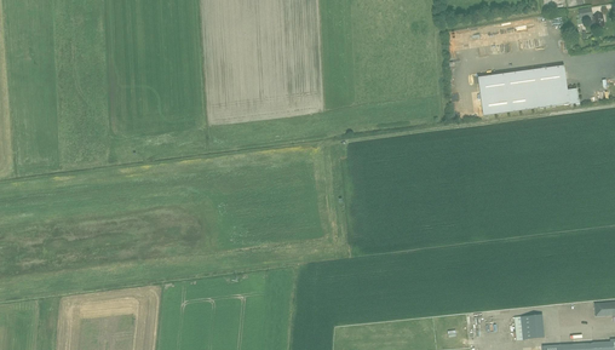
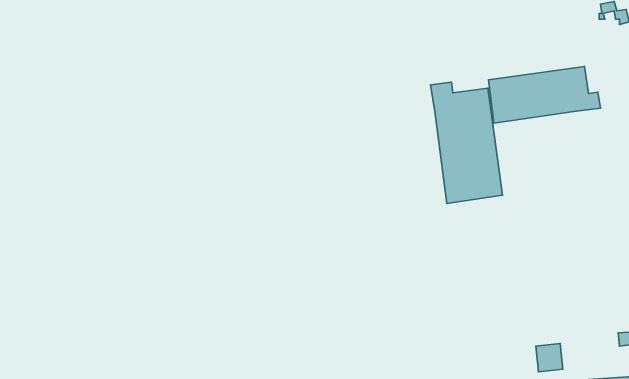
building: none -> [430,82,502,204]

